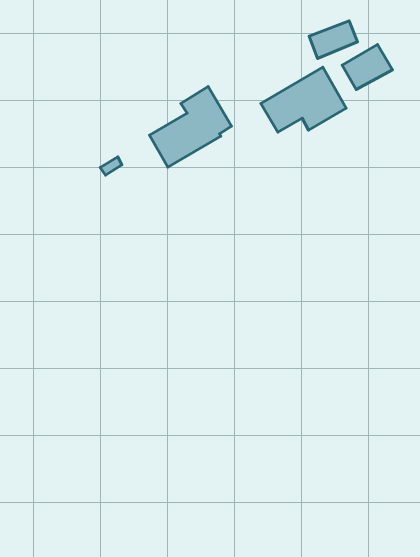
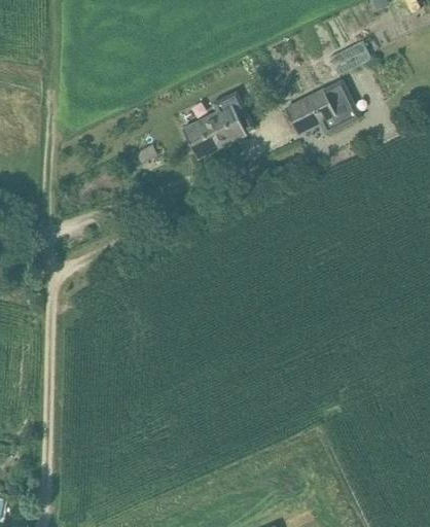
building: [342,44,393,90] -> none

